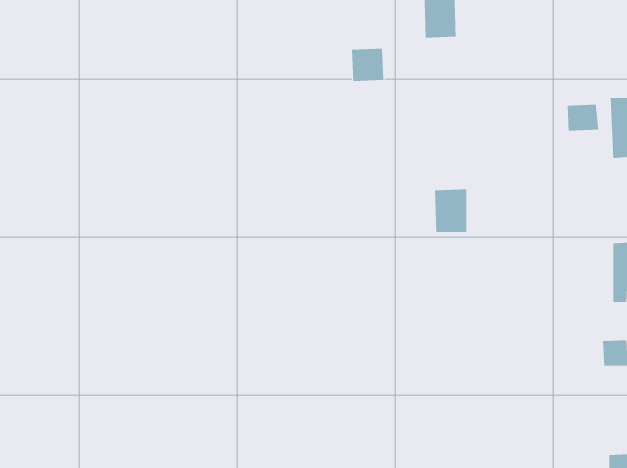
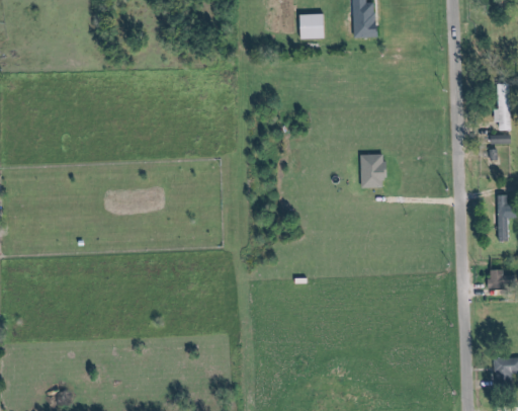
building: [351,48,384,81] -> [300,14,326,39]
building: [567,104,599,131] -> none

